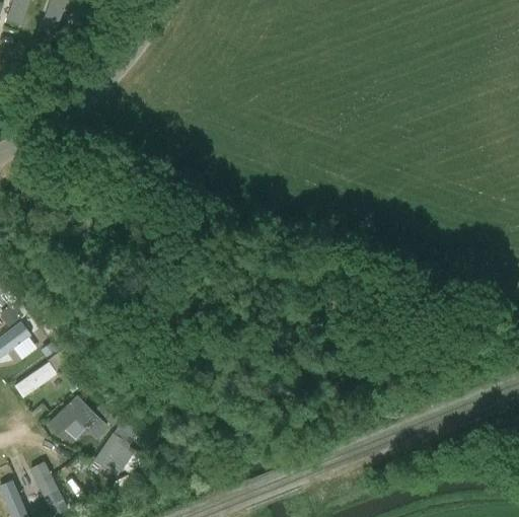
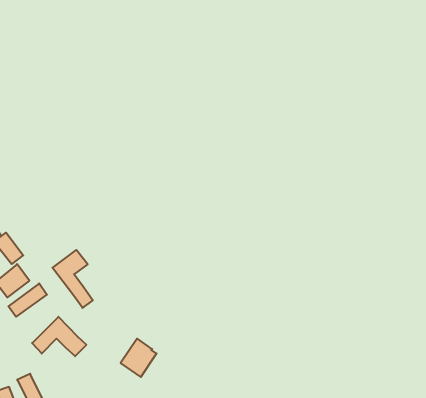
building: none -> [52,250,93,308]
building: [90,434,132,478] -> [121,339,157,377]

